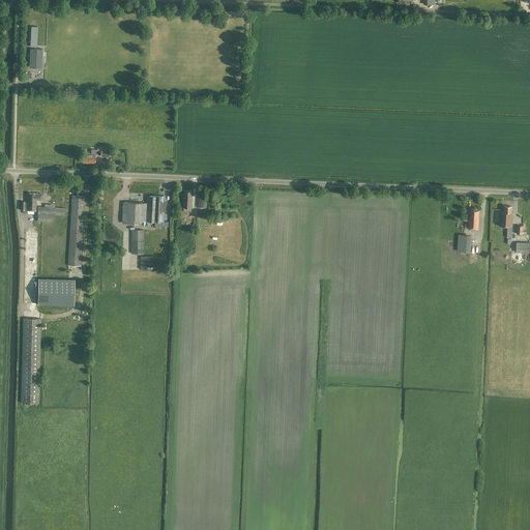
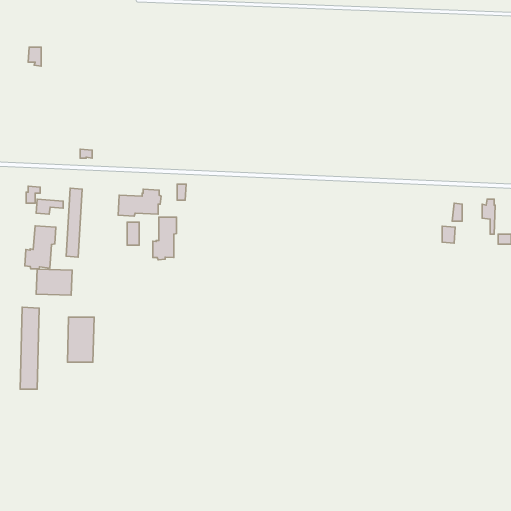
building: none -> [153,217,177,260]
building: none -> [25,226,56,269]
building: none -> [67,317,94,362]

